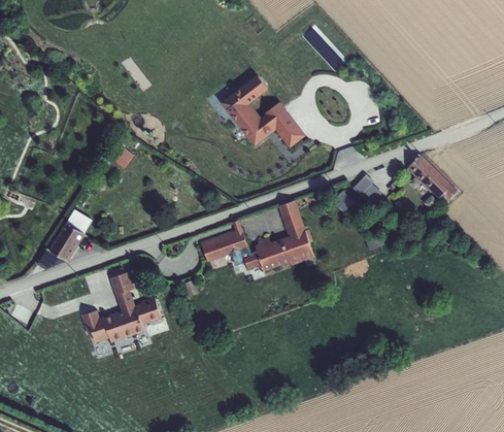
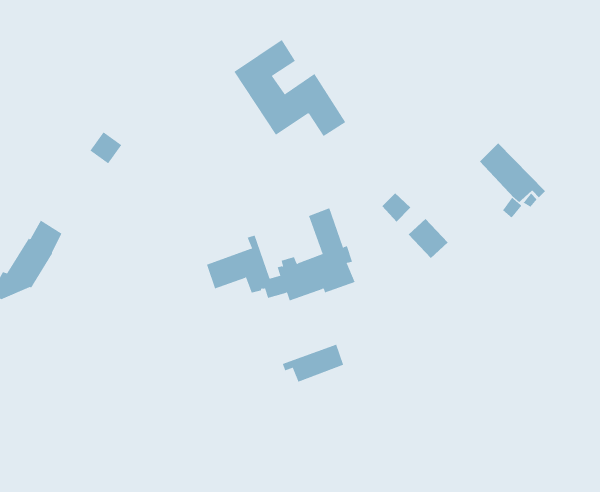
building: [352,173,383,204] -> [408,218,448,259]
building: [80,268,162,343] -> none
building: none -> [282,344,344,383]

